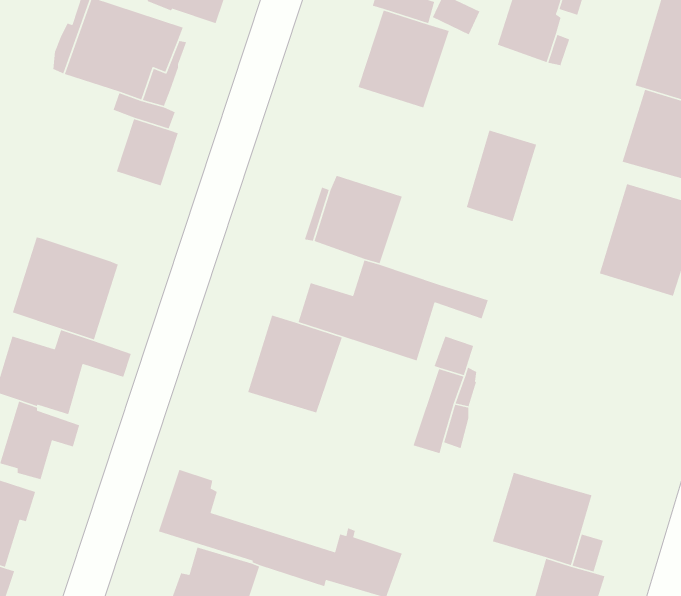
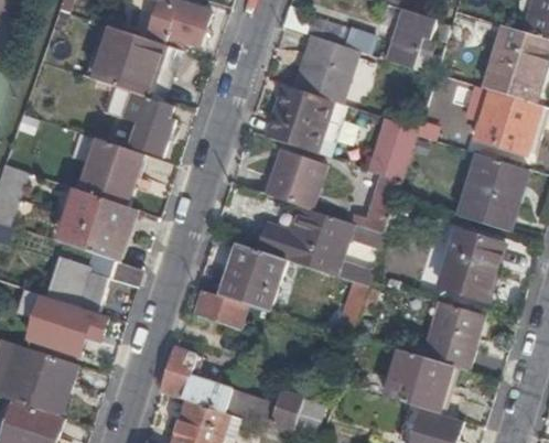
building: none -> [266,85,345,152]
building: none -> [79,139,144,206]
building: none -> [348,172,399,233]
building: none -> [439,228,500,298]
building: none -> [195,290,268,326]
building: none -> [422,300,483,369]

